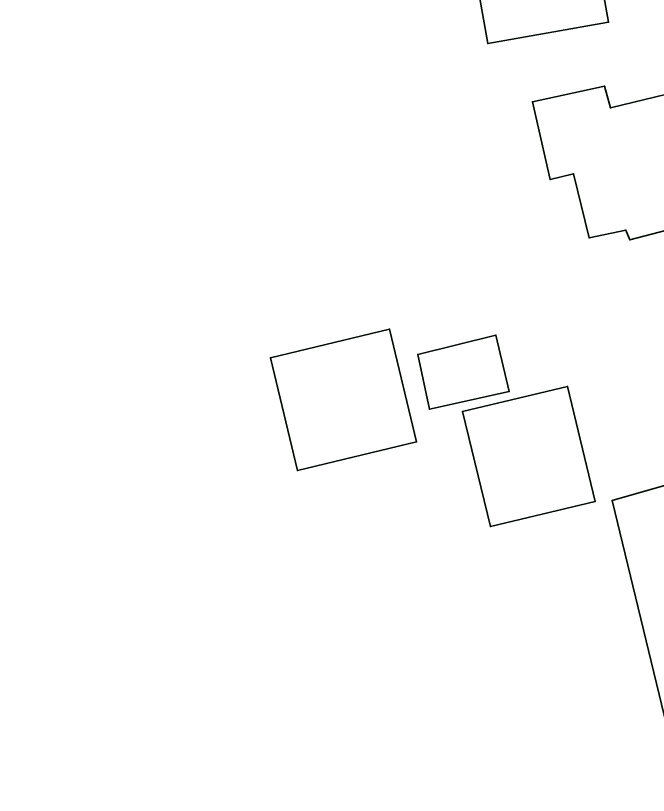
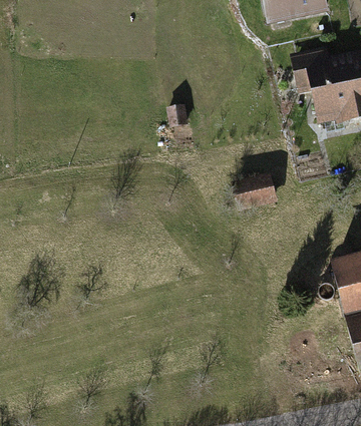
building: [270,329,417,471] -> none
building: [463,386,595,527] -> none

